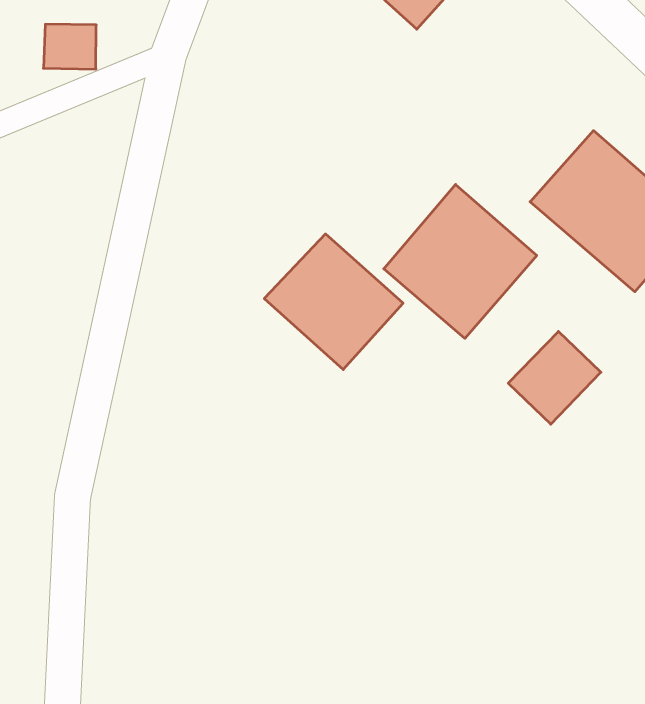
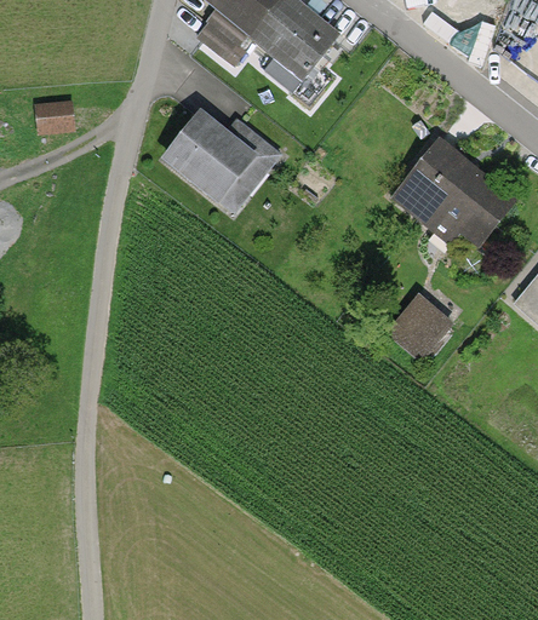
building: [384,184,537,338] -> none
building: [264,234,403,370] -> [160,108,259,203]

